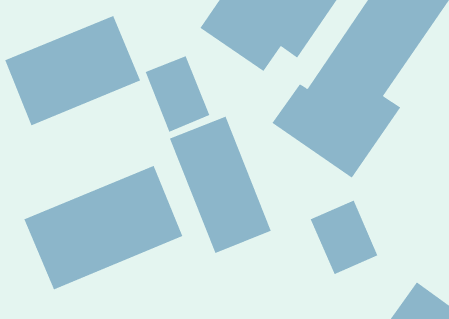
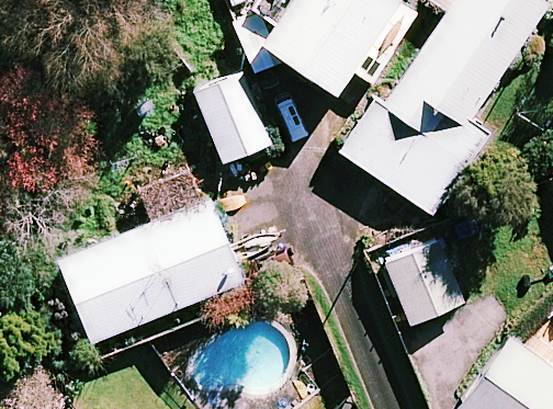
building: [4,15,141,126] -> none
building: [169,116,271,254] -> none

